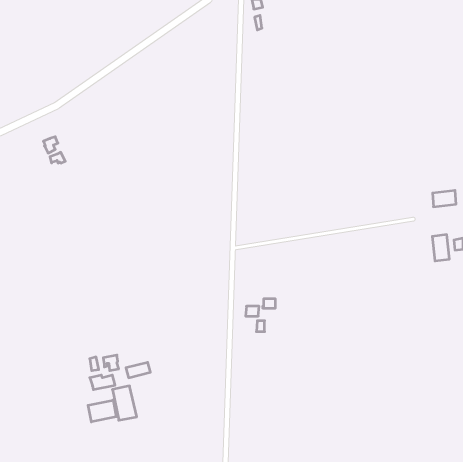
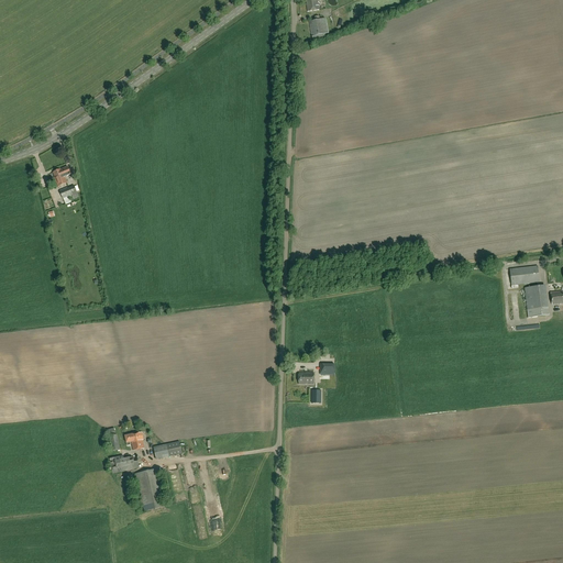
building: [433,190,456,207] -> [510,265,539,285]
building: [88,400,116,422] -> none

